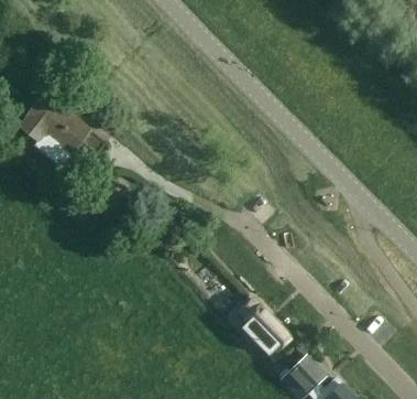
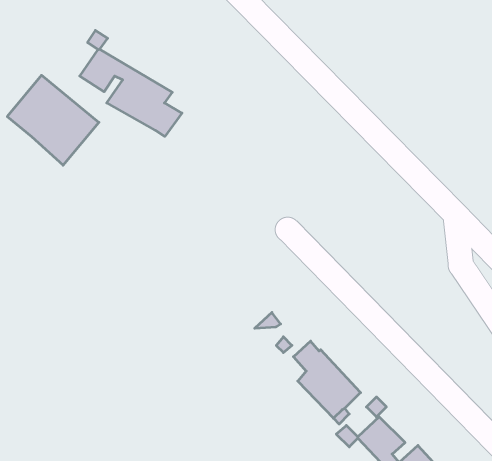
building: none -> [80,30,182,136]

